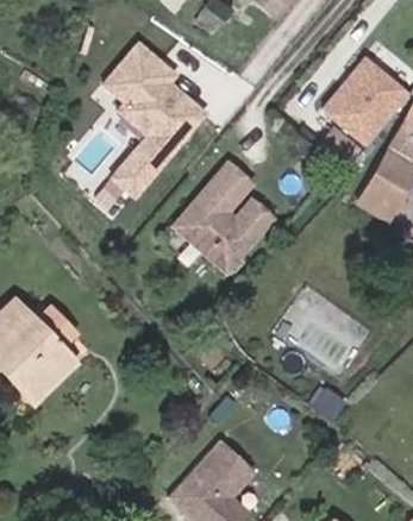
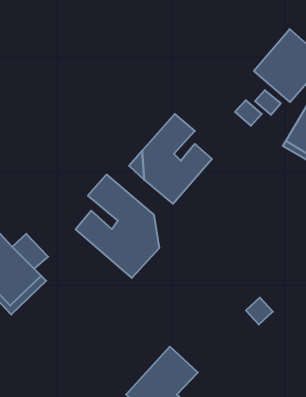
building: [99,40,215,199] -> none
building: none -> [76,175,159,278]

